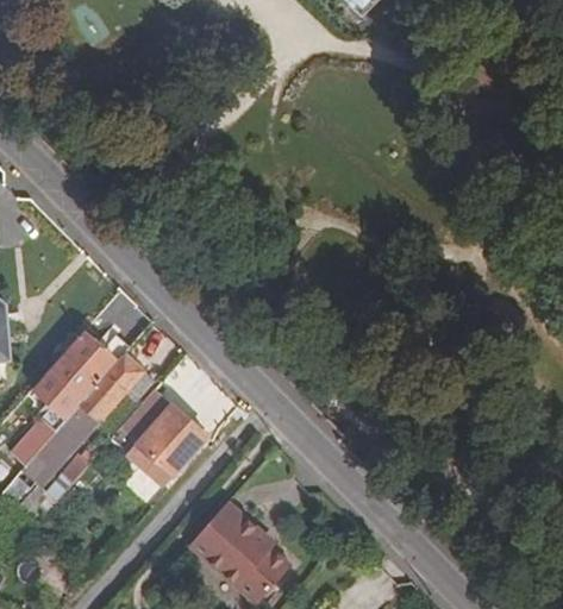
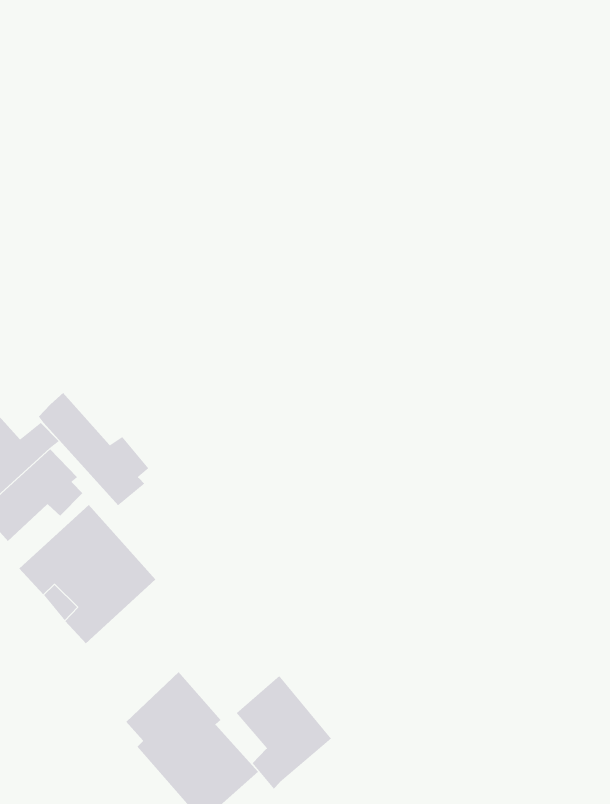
building: none -> [38,392,149,506]
building: none -> [236,675,332,790]

